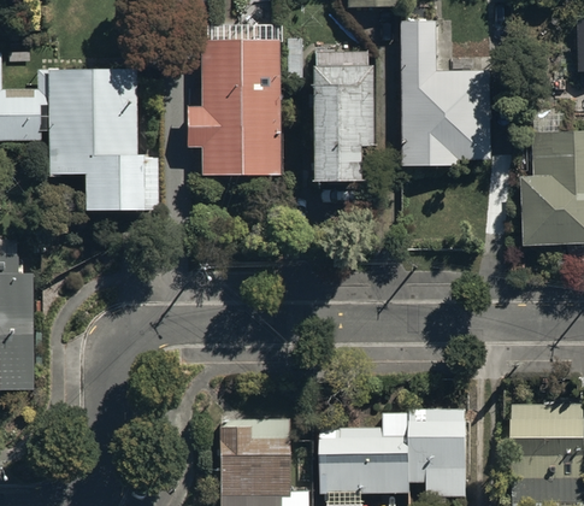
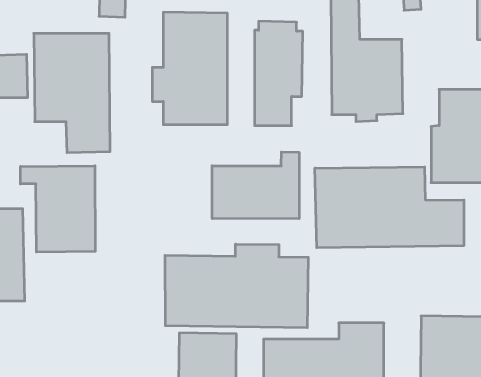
building: none -> [212,152,299,219]
building: none -> [20,166,95,252]
building: none -> [315,167,464,248]
building: none -> [165,244,308,328]

